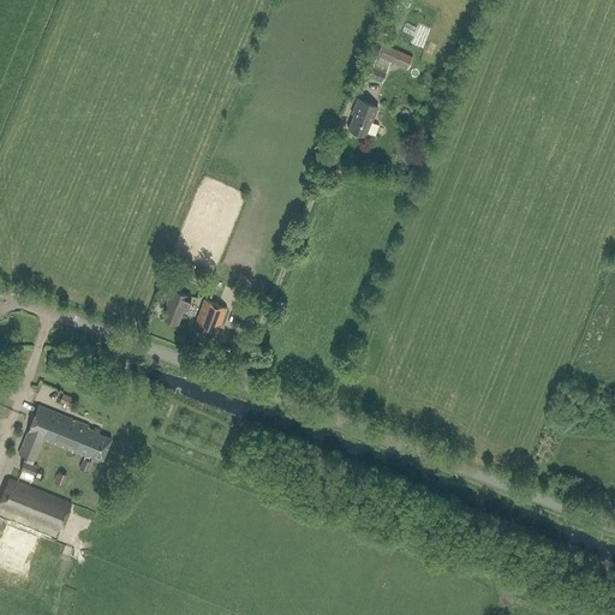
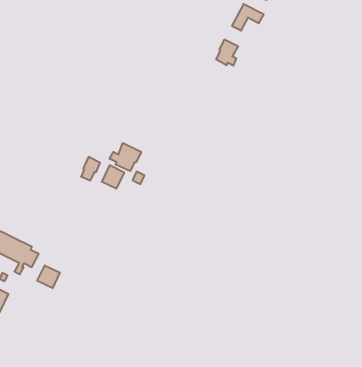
building: none -> [110,143,141,171]
building: none -> [37,265,60,288]

